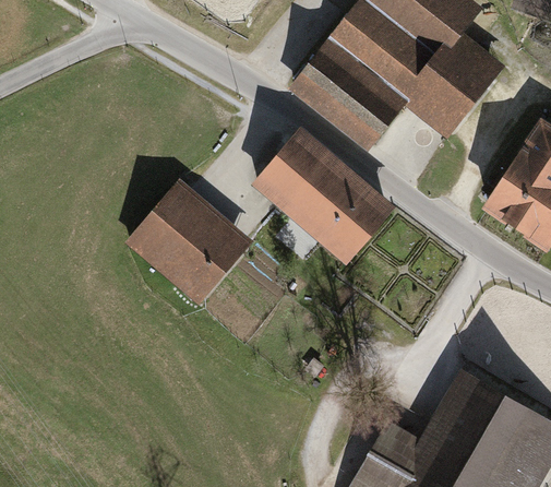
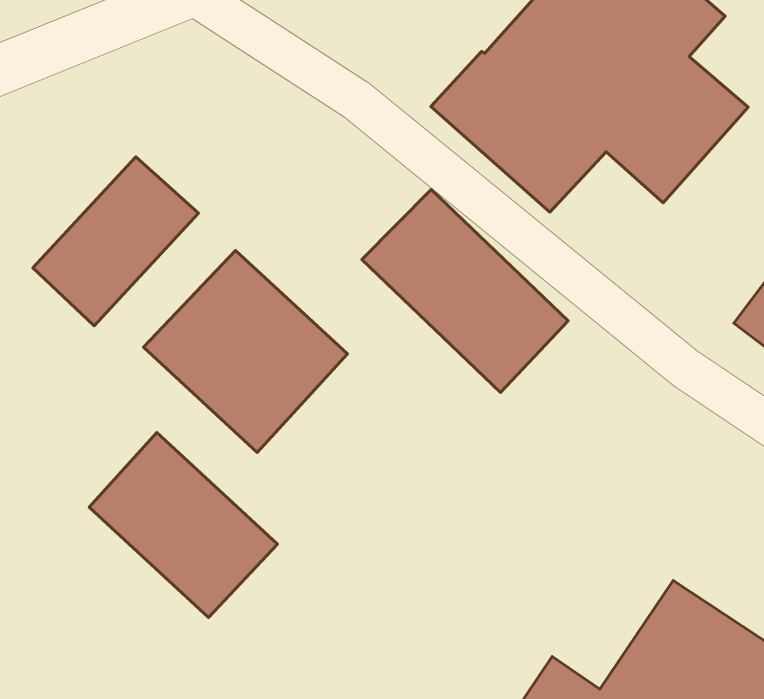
building: none -> [33,157,198,326]
building: none -> [89,432,278,617]

